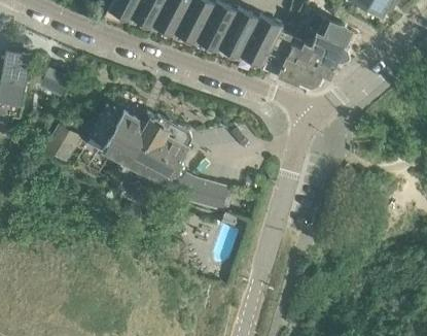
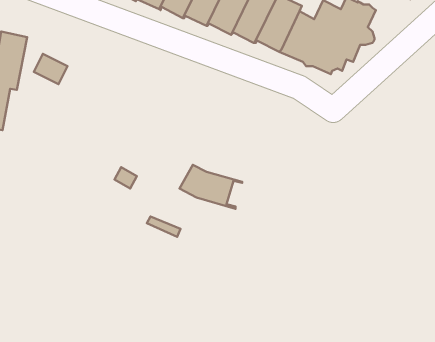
building: [88,105,190,186] -> none
building: [44,127,78,164] -> none

